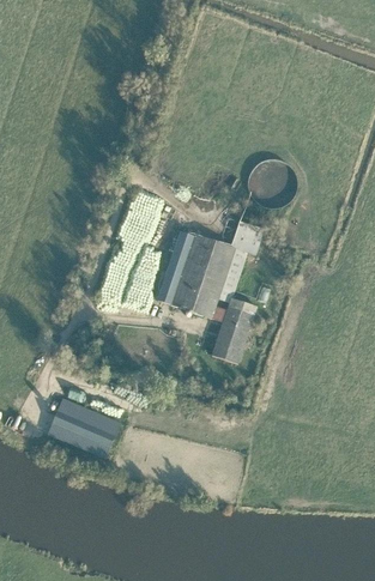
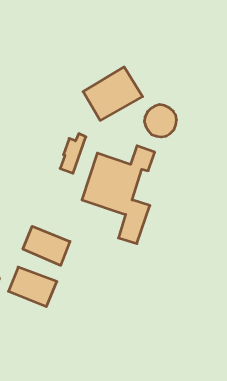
building: none -> [83,67,143,120]
building: none -> [23,226,70,265]

